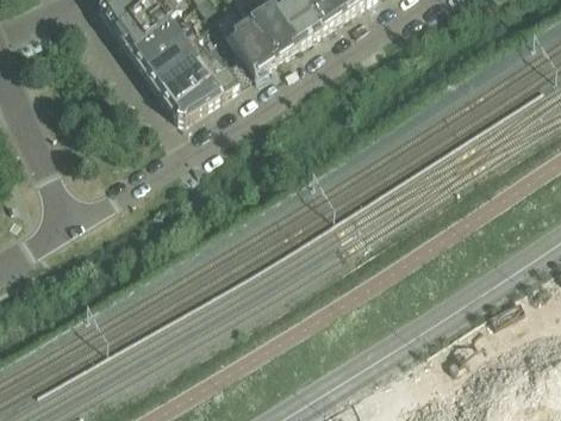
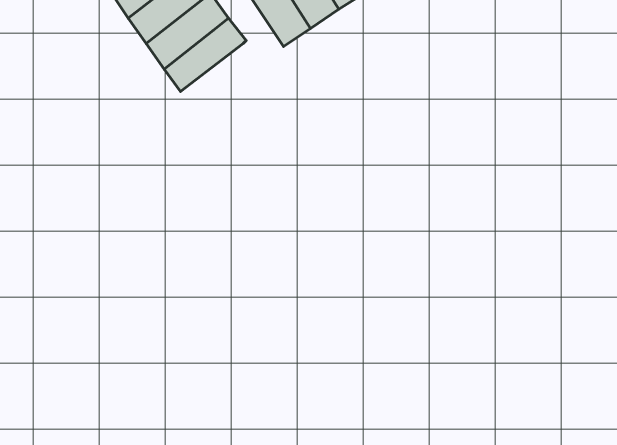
building: [174,63,241,114] -> none

